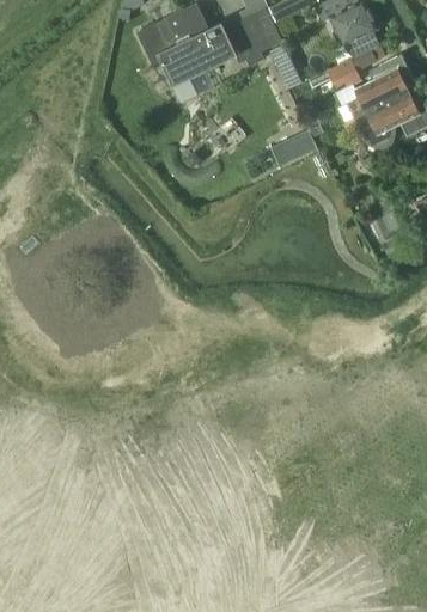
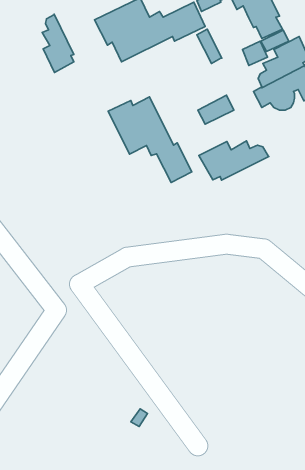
building: none -> [42,14,74,72]
building: none -> [108,97,192,183]
building: none -> [199,141,269,180]

